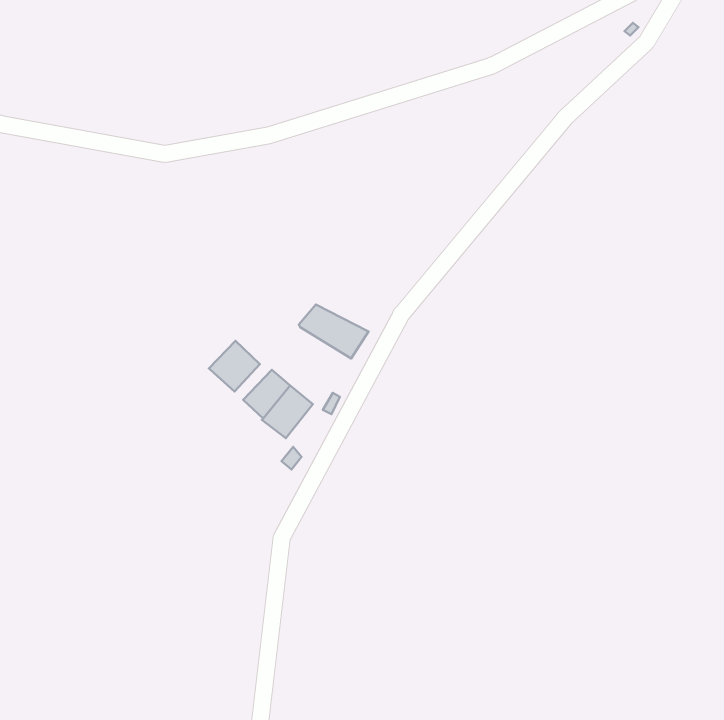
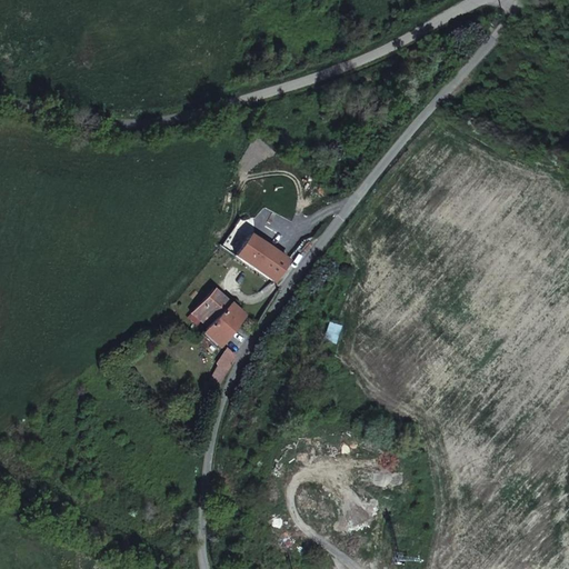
building: [209,341,260,391] -> none

